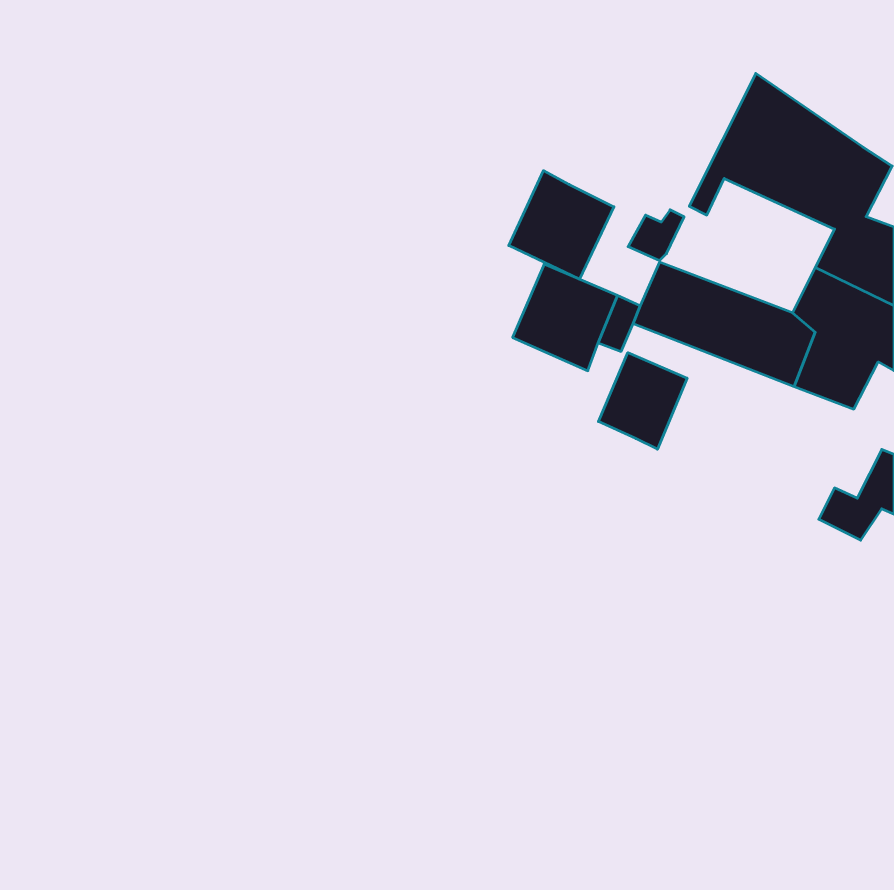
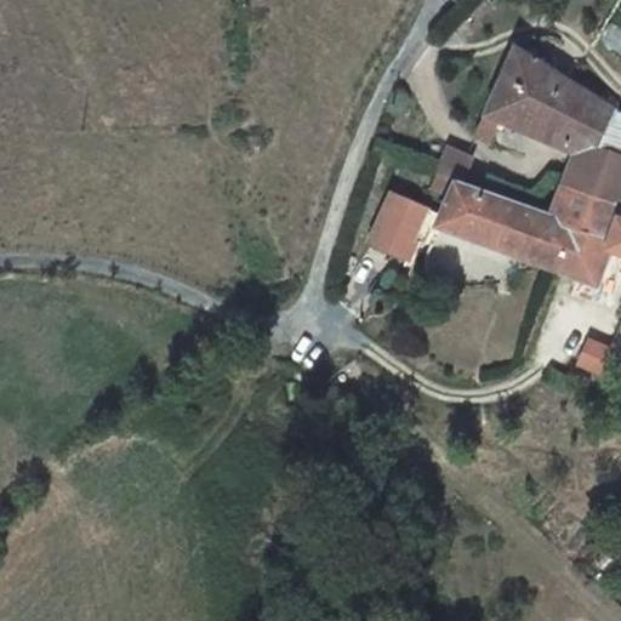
building: [509,171,614,279] -> none
building: [598,353,687,449] -> none

